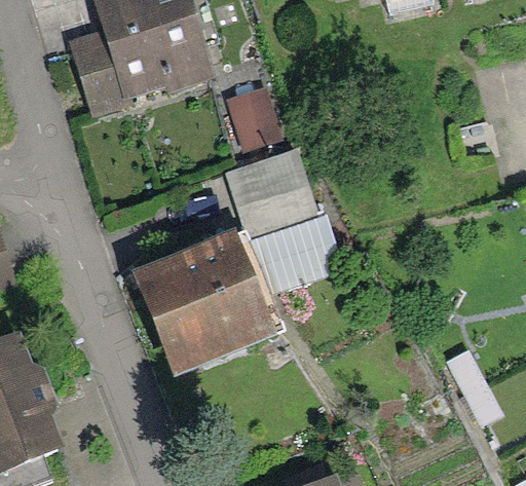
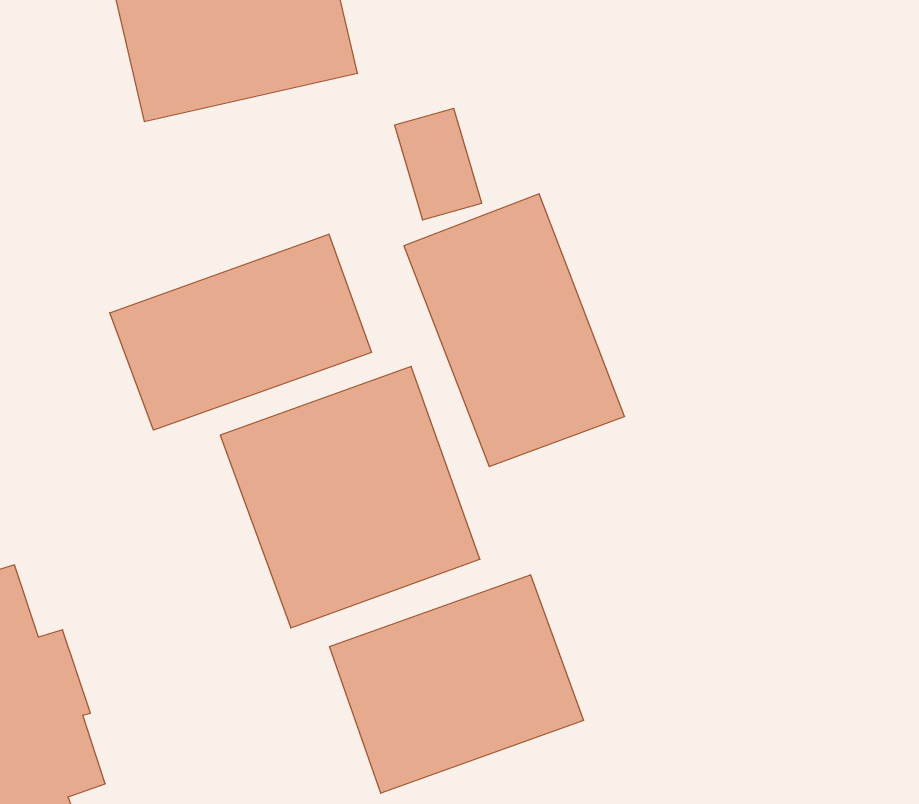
building: none -> [110,234,371,430]
building: none -> [329,575,583,793]

